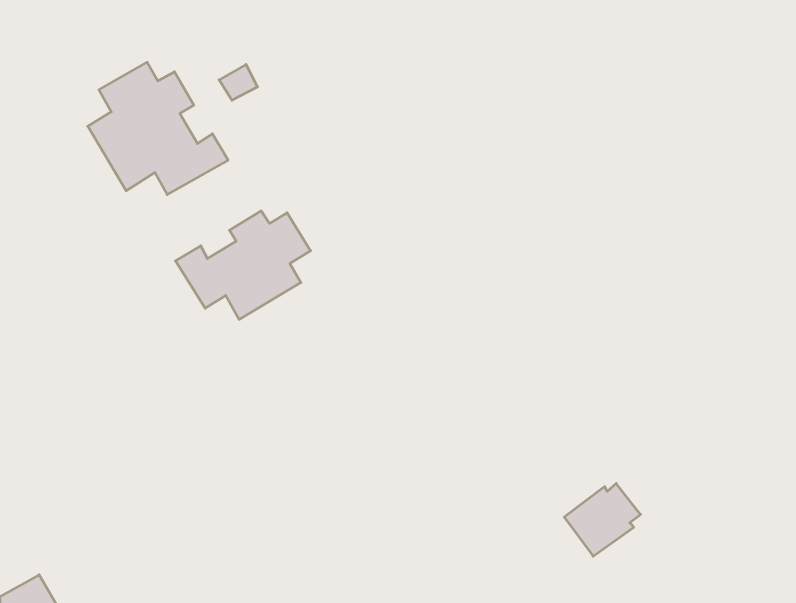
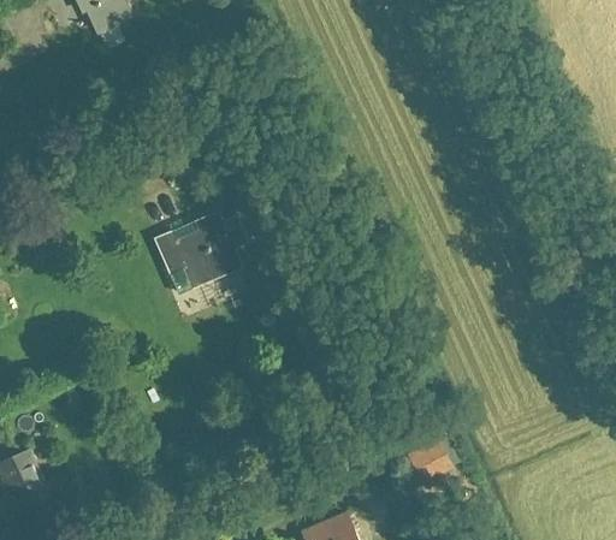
building: [88,62,228,195] -> none

